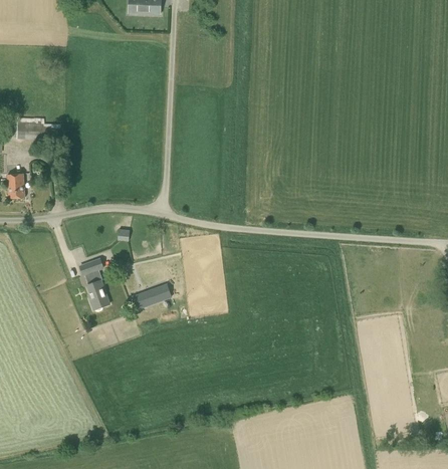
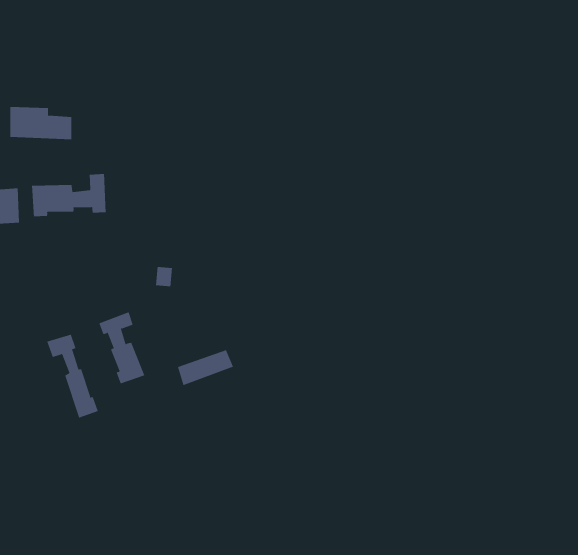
building: none -> [32,173,106,217]
building: none -> [46,334,98,418]

